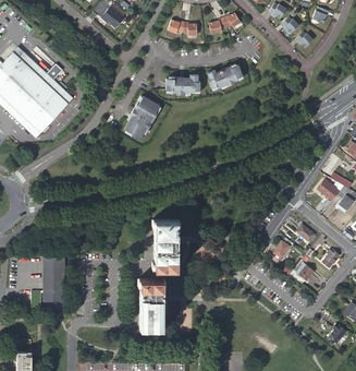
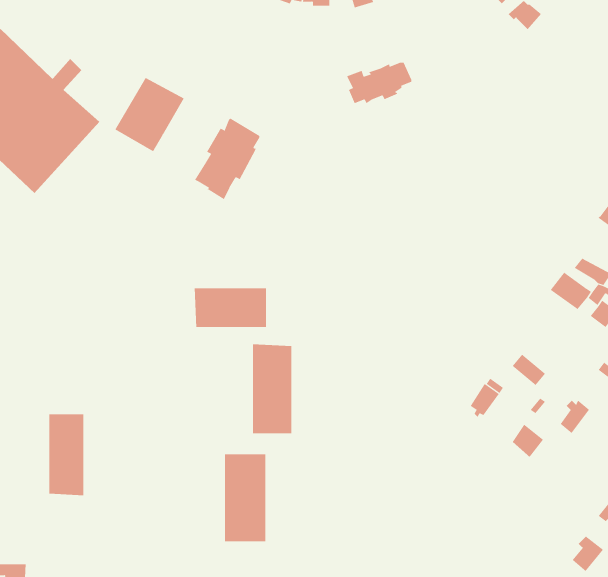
building: none -> [115,77,185,152]
building: [165,75,199,95] -> none
building: none -> [194,287,267,328]

